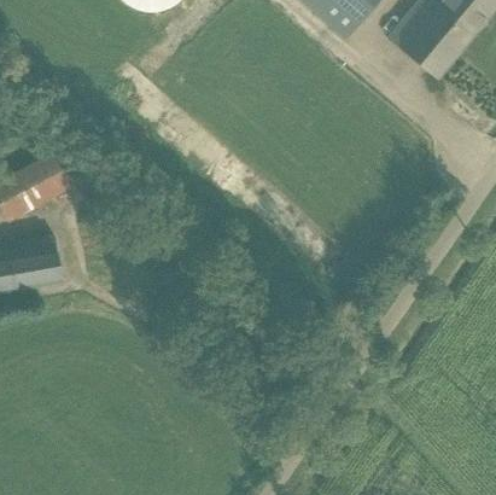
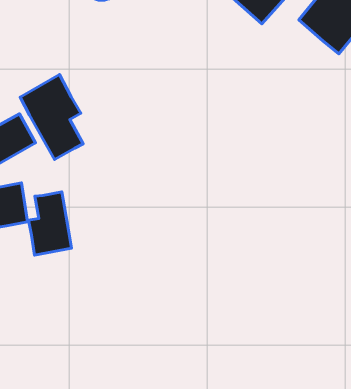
building: none -> [20,74,83,160]
building: none -> [28,192,71,255]

